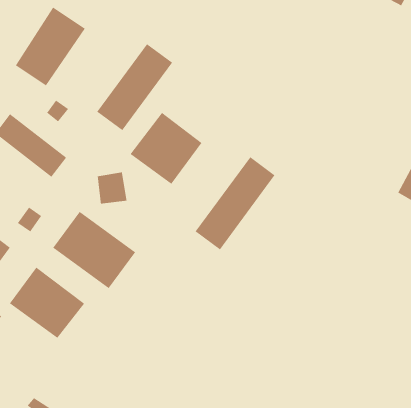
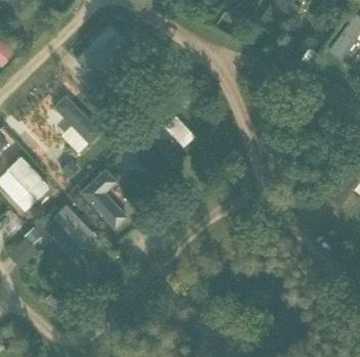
building: [96,43,173,131] -> none
building: [194,156,276,251] -> none

